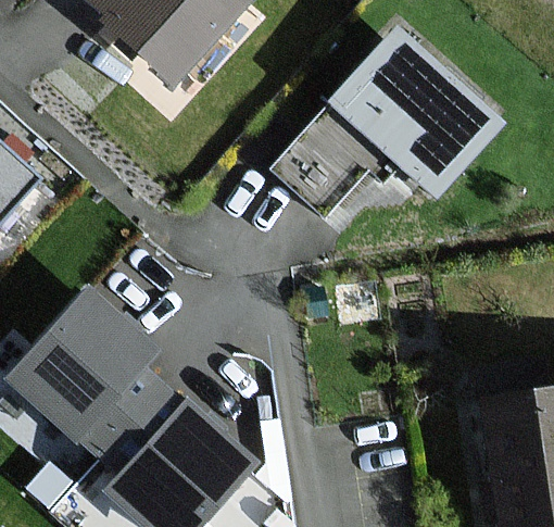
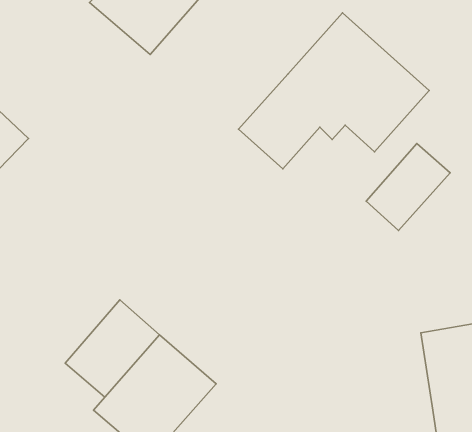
building: none -> [366,144,450,231]
building: [12,291,154,436] -> none

